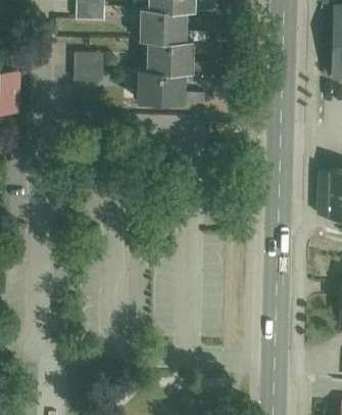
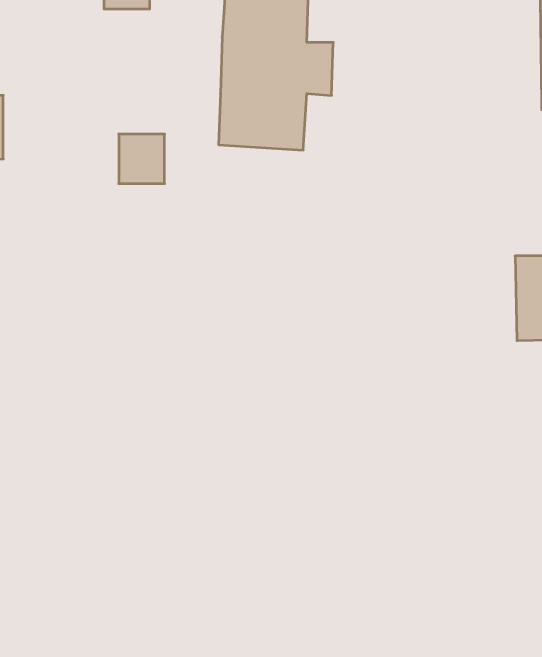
building: [76,54,102,83] -> [119,134,165,184]

